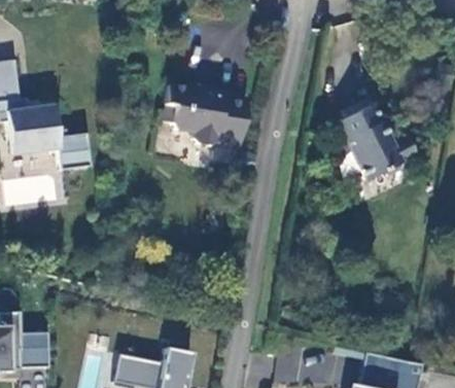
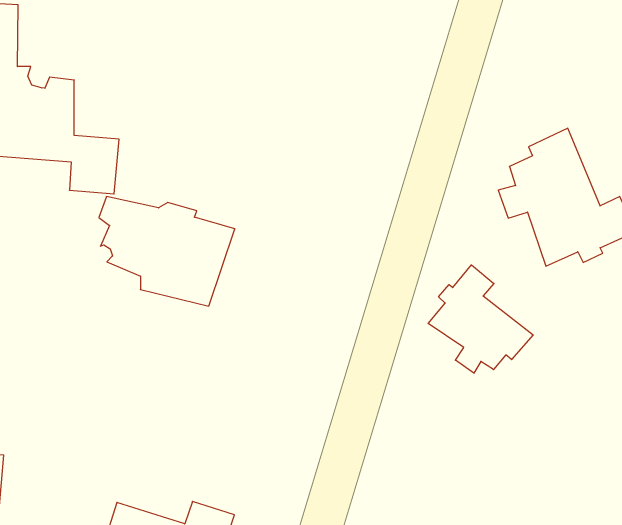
building: [167,89,251,149] -> [99,197,235,306]
building: none -> [428,265,533,373]

